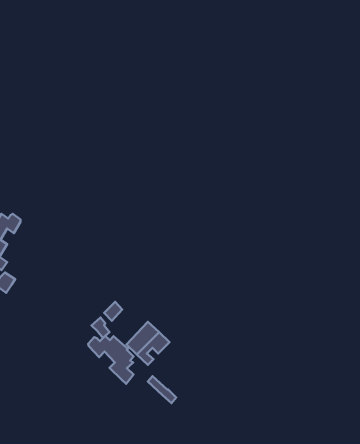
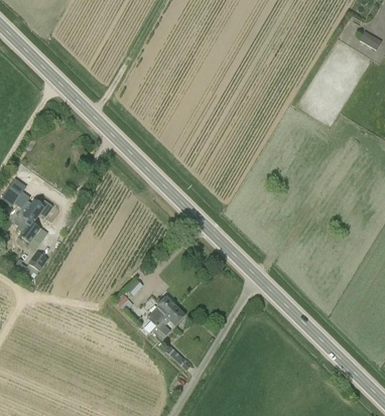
building: [88,336,134,384] -> none

